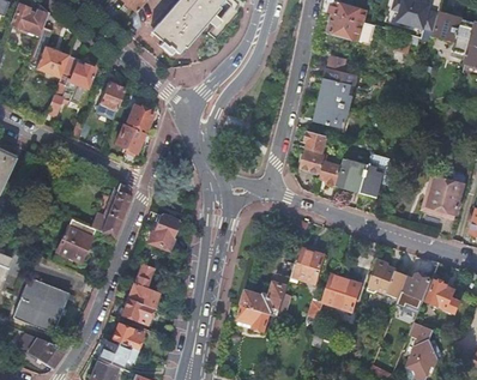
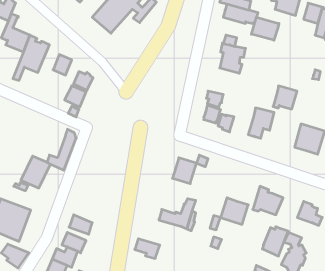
building: none -> [251,17,279,40]
building: [319,99,350,126] -> none
building: [337,158,369,189] -> [273,86,297,109]
building: [150,213,179,248] -> none
building: [292,248,325,283] -> [172,158,197,184]
building: [127,261,158,308] -> none
building: [398,273,433,313] -> [262,227,288,256]
building: [237,304,271,331] -> [135,239,160,258]

